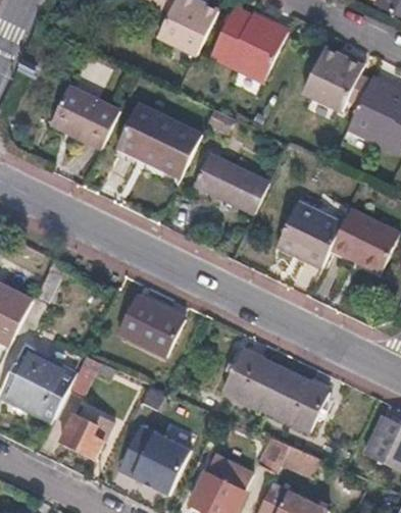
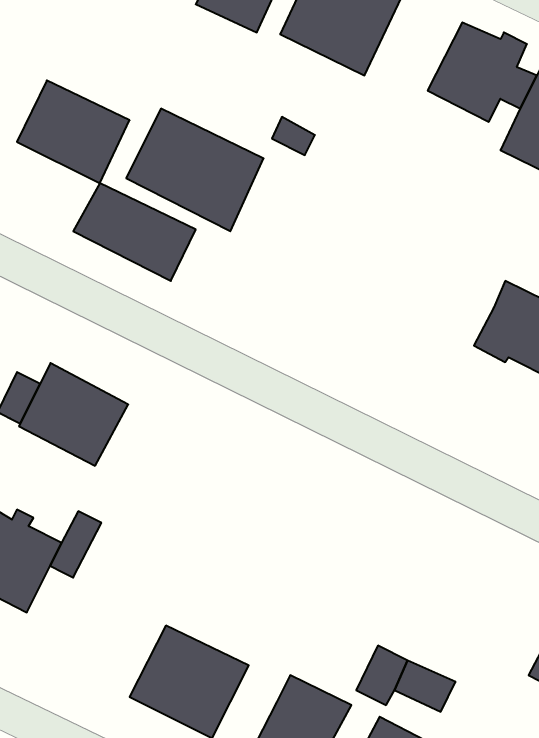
building: [194,155,269,215] -> [73,183,196,281]
building: [275,204,342,268] -> none
building: [117,291,185,354] -> [19,363,128,466]
building: [227,351,327,429] -> none
building: [62,411,112,455] -> none

